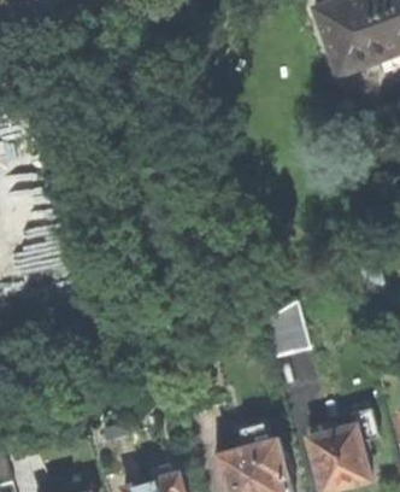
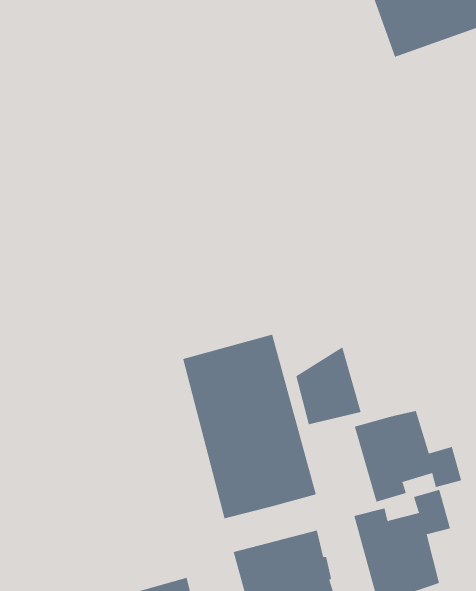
building: none -> [182,334,317,519]
building: none -> [354,410,462,503]

